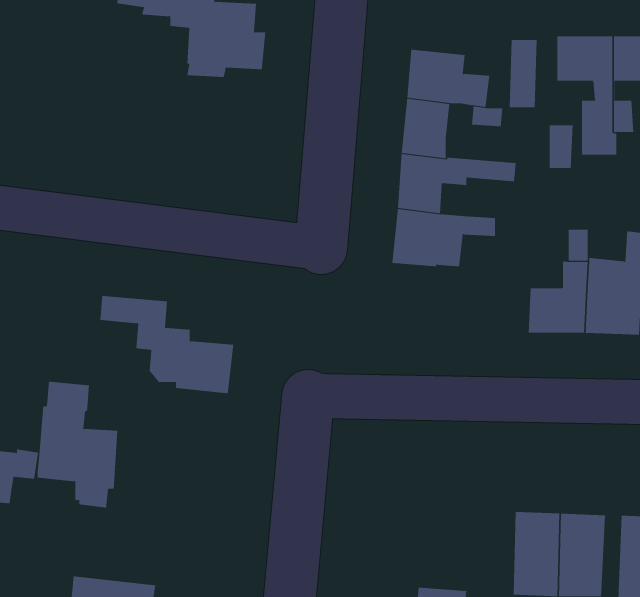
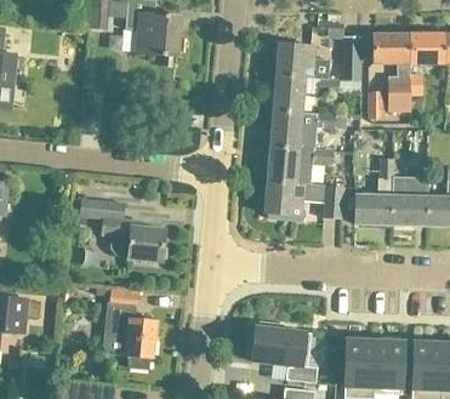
building: none -> [264,178,346,218]
building: [37,381,118,508] -> [103,289,155,370]
building: none -> [251,320,318,381]

